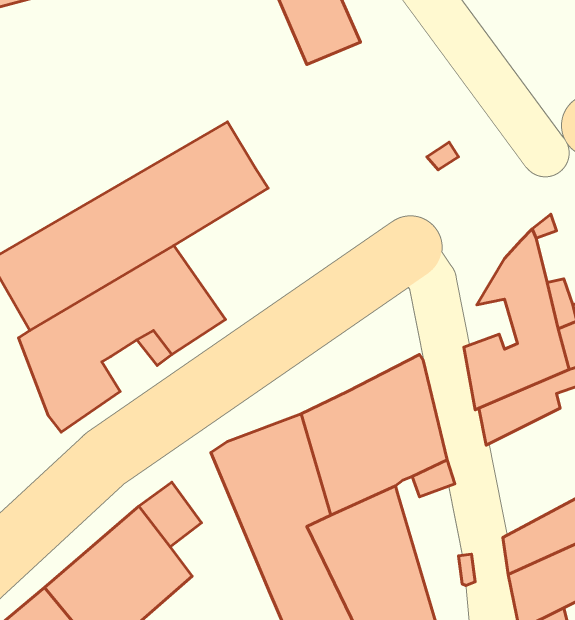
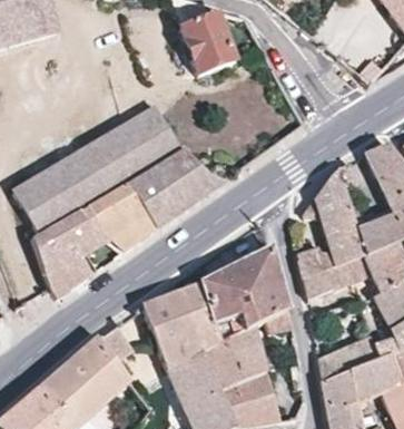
building: none -> [121,146,219,225]

